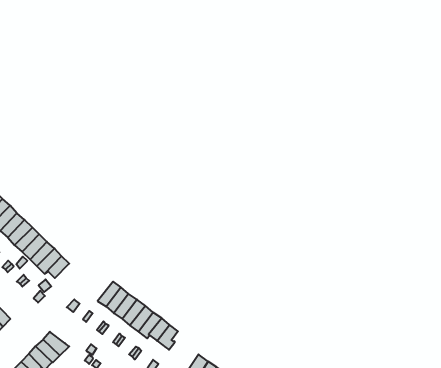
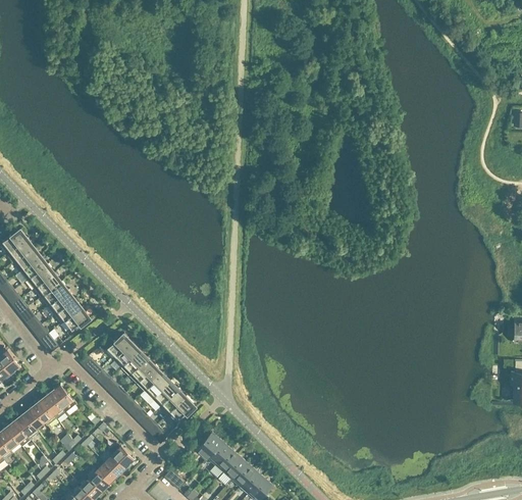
building: none -> [99,334,133,360]

